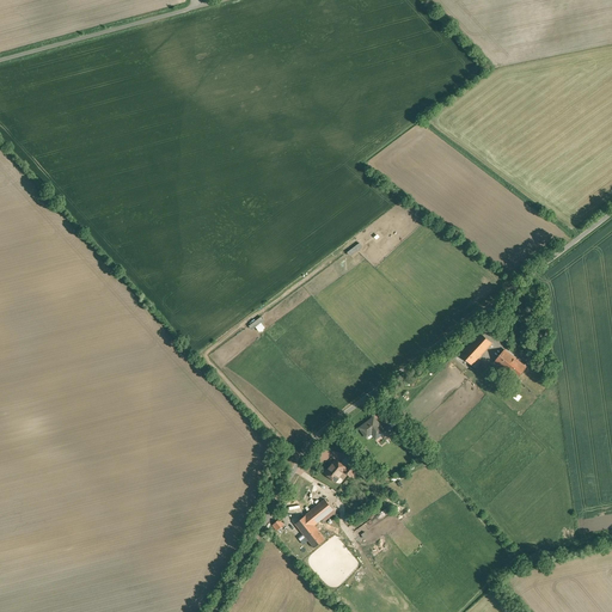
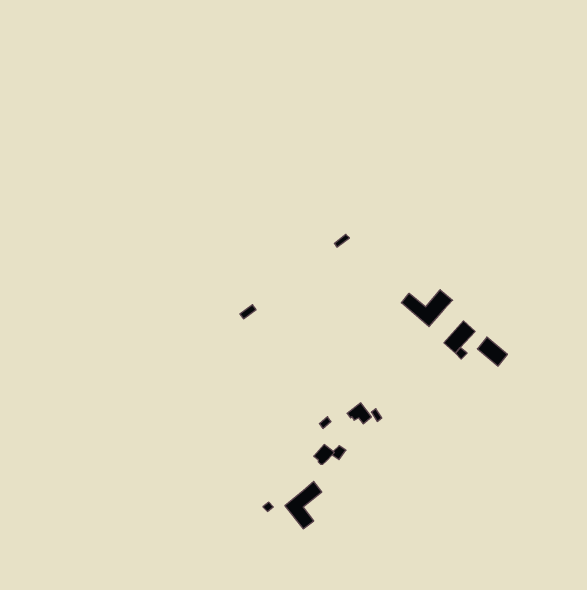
building: none -> [401,290,453,327]

